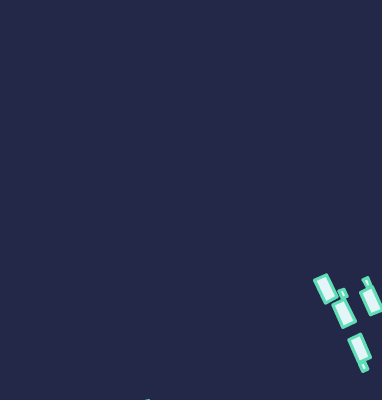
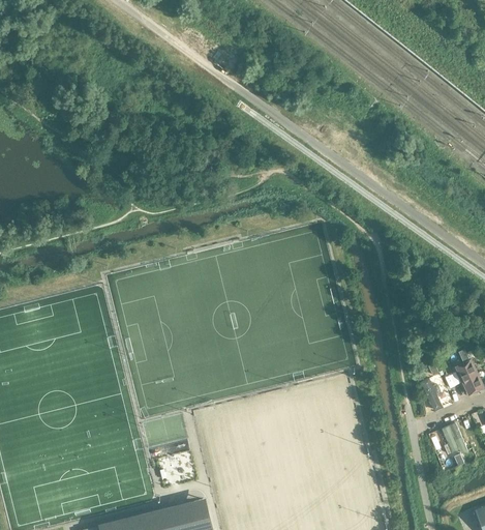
building: [315,275,337,303] -> none

